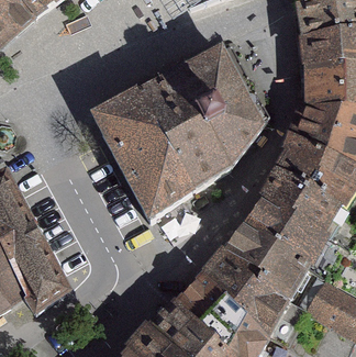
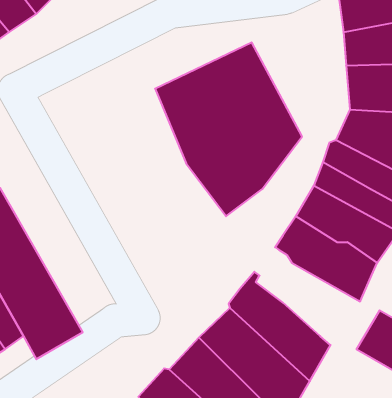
building: [86,83,199,209] -> none
building: [224,221,313,303] -> none

